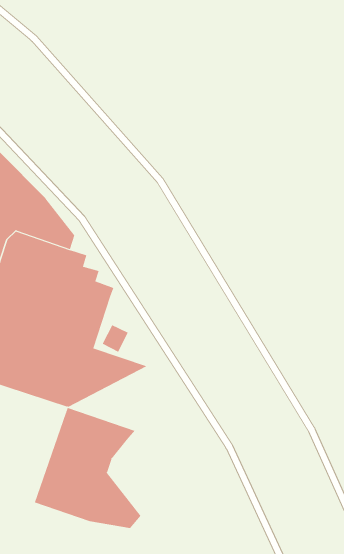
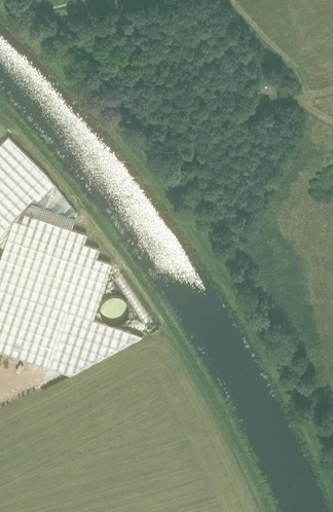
building: [34,407,141,529] -> none

